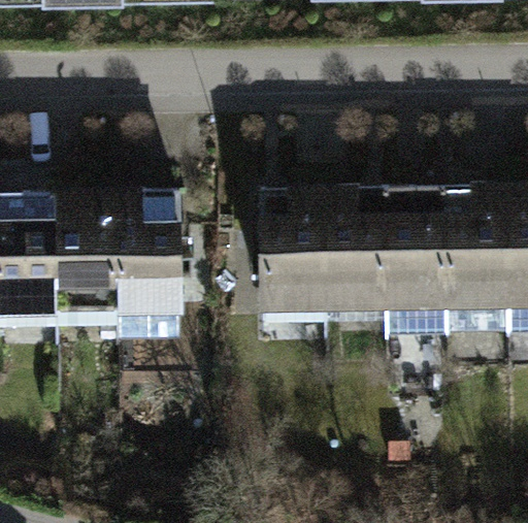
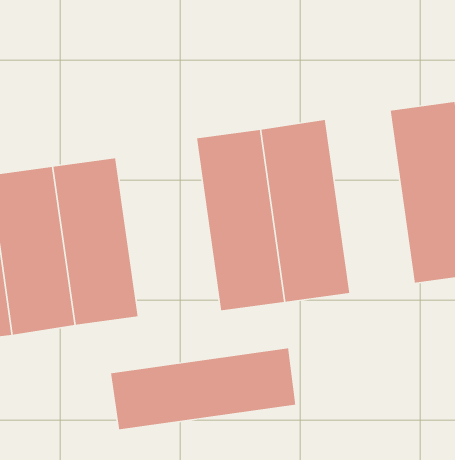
building: [383,168,448,337] -> none
building: none -> [110,347,296,430]

